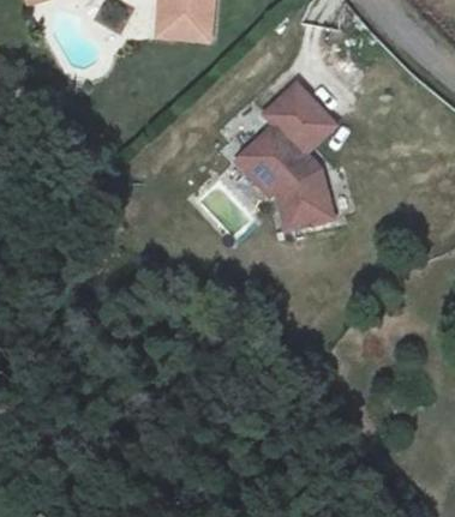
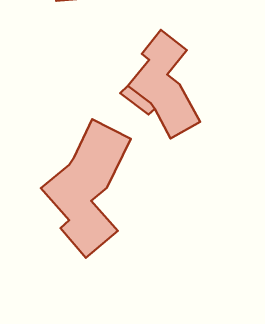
building: none -> [41,119,131,258]

